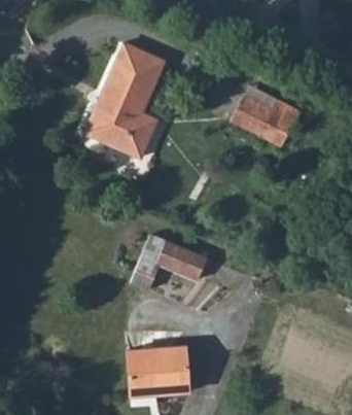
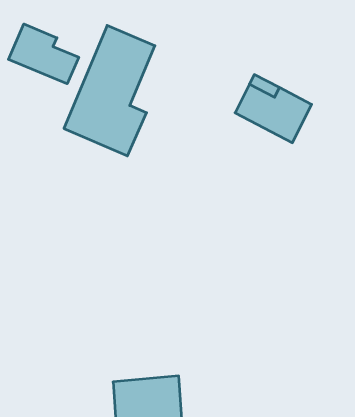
building: none -> [8,24,79,84]
building: [143,236,207,277] -> none

